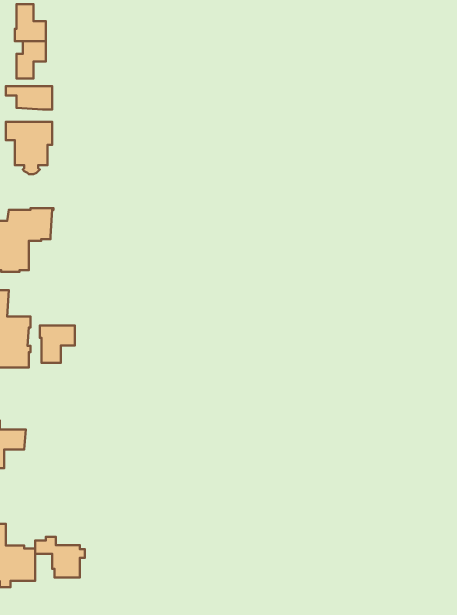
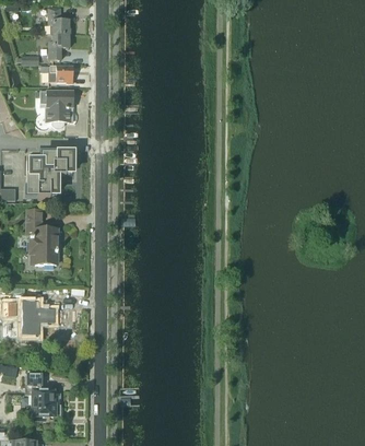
building: [40,325,75,363] -> none
building: [35,537,85,577] -> none

